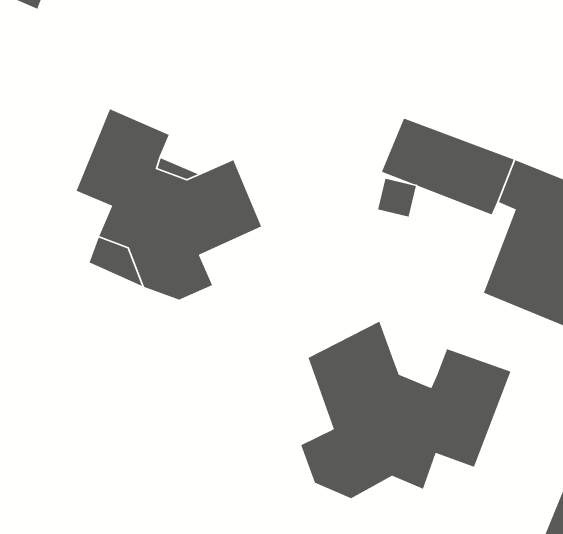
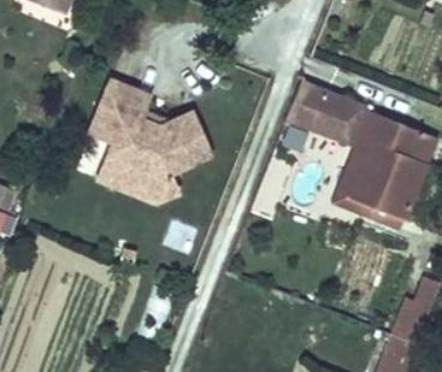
building: [300,321,512,499] -> none

